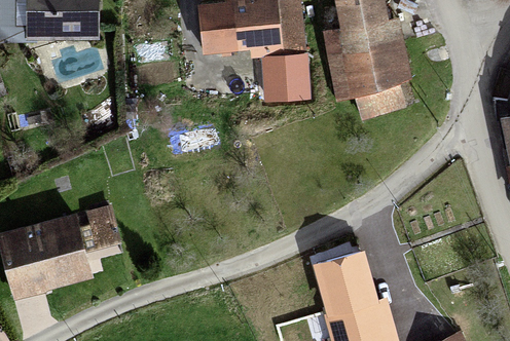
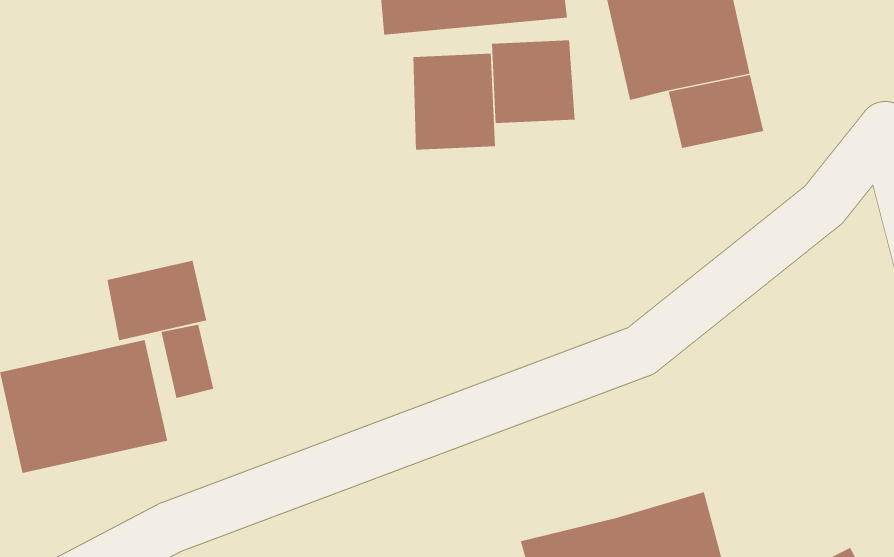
building: none -> [412,53,496,151]
building: none -> [107,260,207,341]
building: [317,251,377,310] -> none

